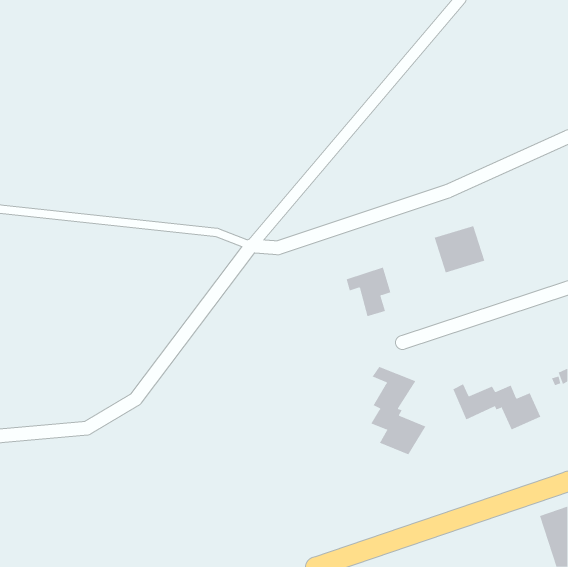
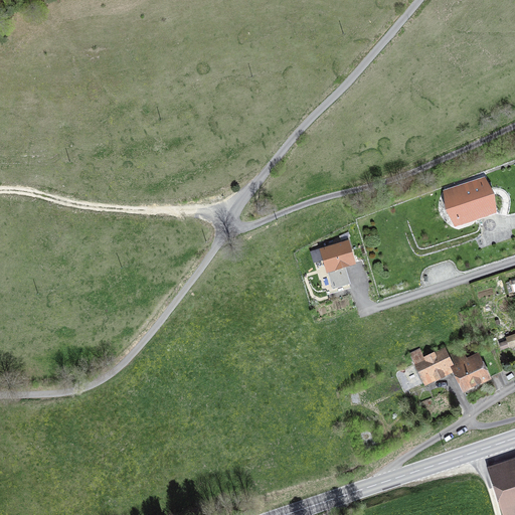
building: [434,225,485,273] -> [447,180,493,223]
building: [371,366,426,455] -> none

